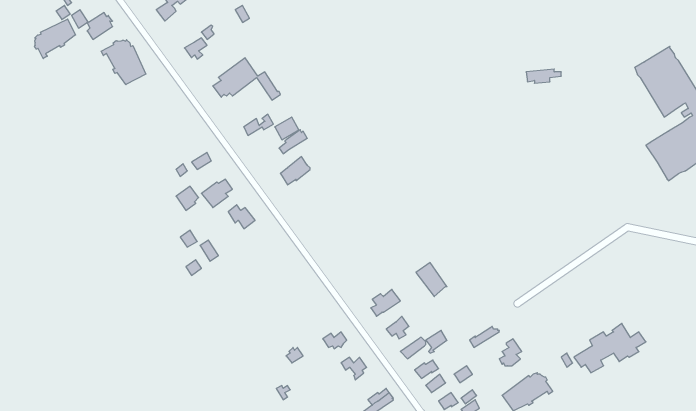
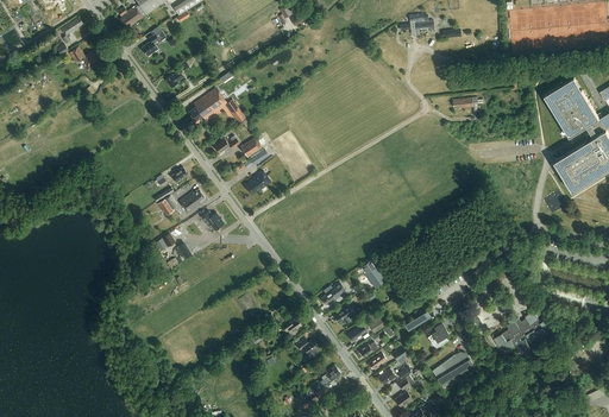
building: [35,19,76,59] -> none
building: [101,40,146,85] -> none

